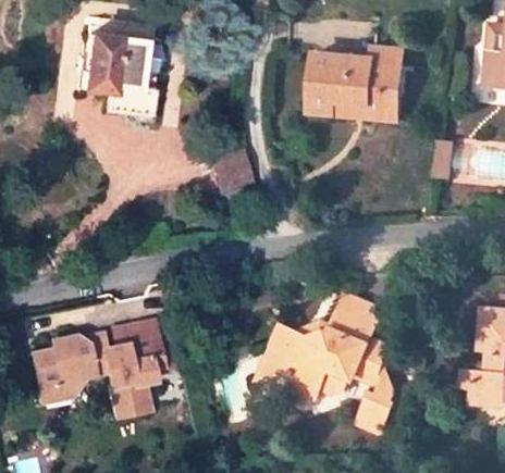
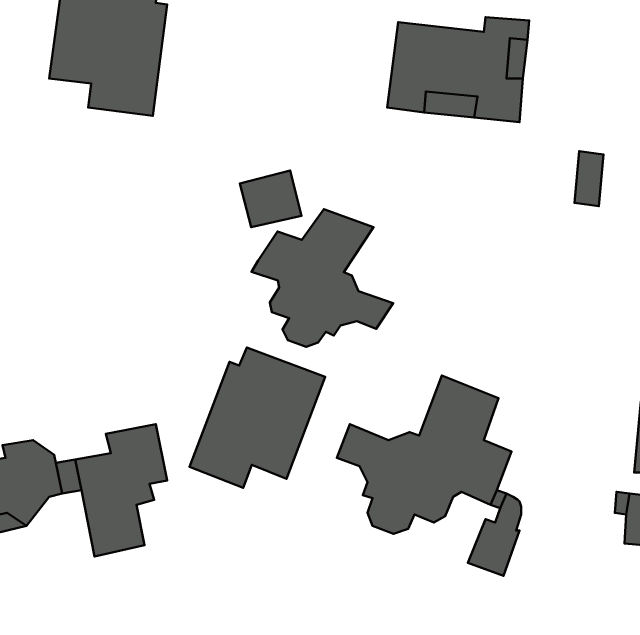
building: none -> [251,209,393,347]
building: none -> [189,348,325,488]
building: [262,347,298,393] -> none

